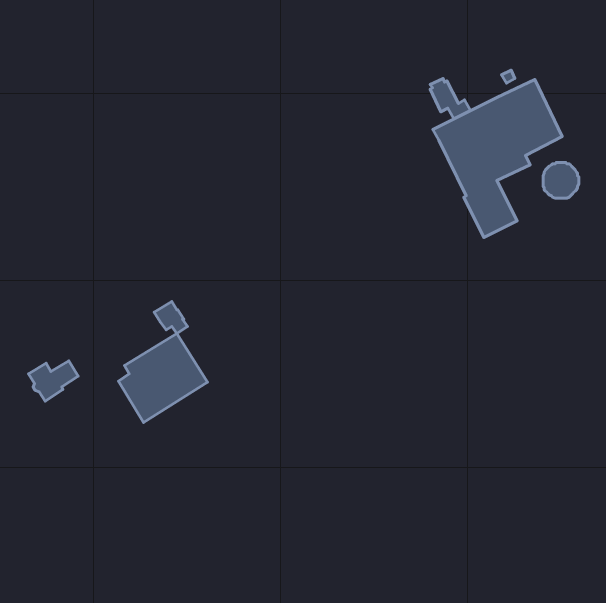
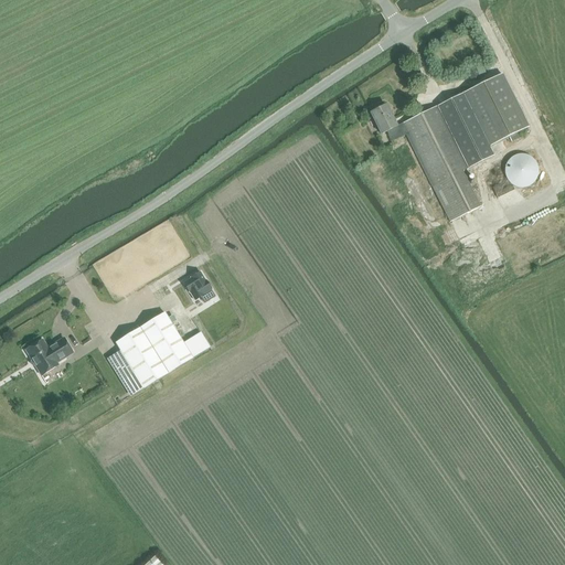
building: [430,78,470,119] -> [371,100,408,138]
building: [154,301,187,334] -> [183,275,214,305]

